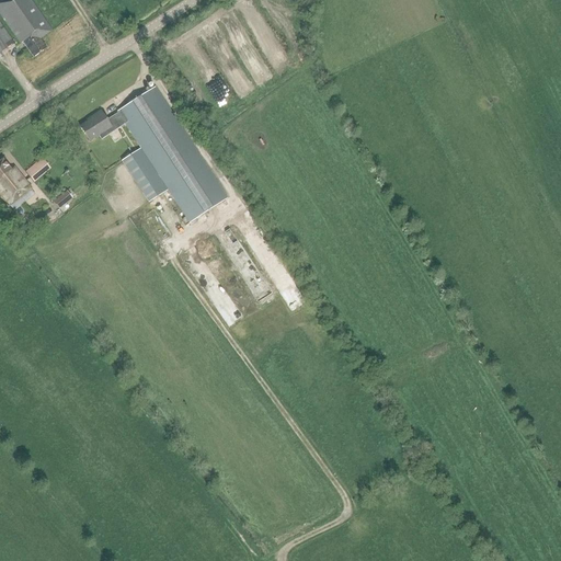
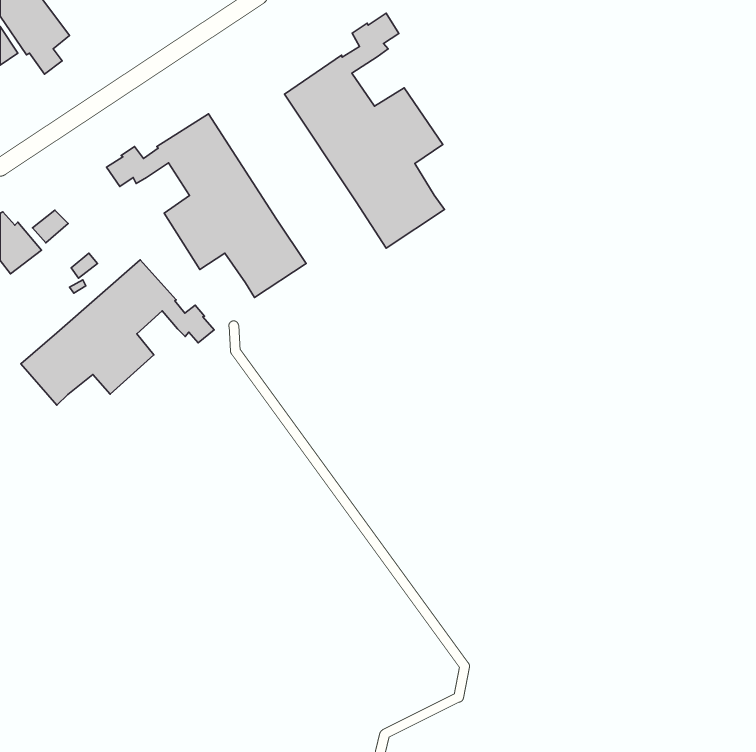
building: none -> [284,13,445,248]
building: none -> [21,260,214,405]

